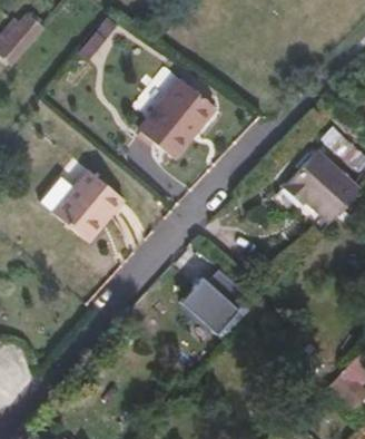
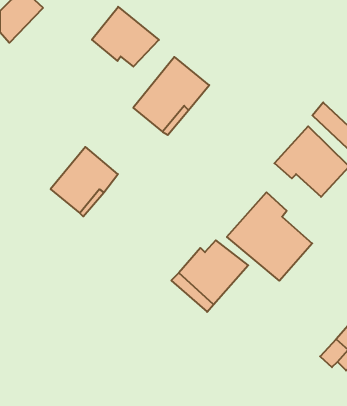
building: none -> [92,7,159,67]
building: none -> [227,192,312,281]

